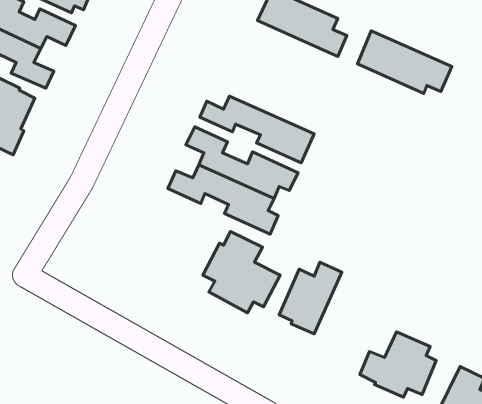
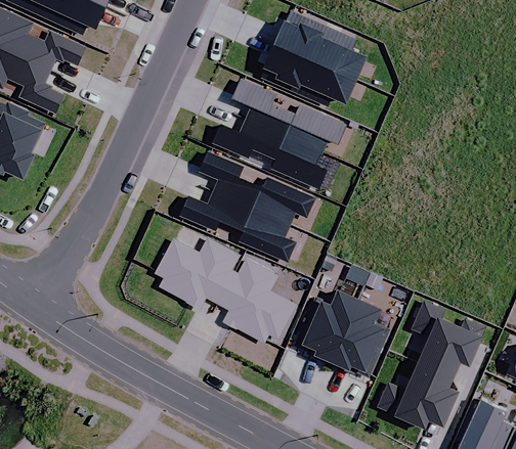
building: [357,31,452,93] -> [260,41,357,105]
building: none -> [234,78,348,153]
building: none -> [157,236,241,307]
building: none -> [333,300,390,373]
building: none -> [414,301,486,376]

